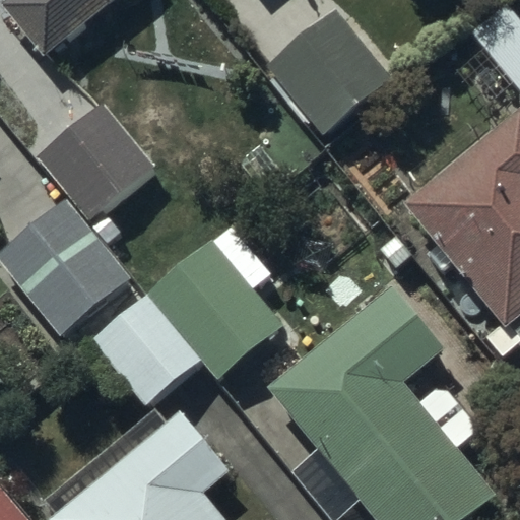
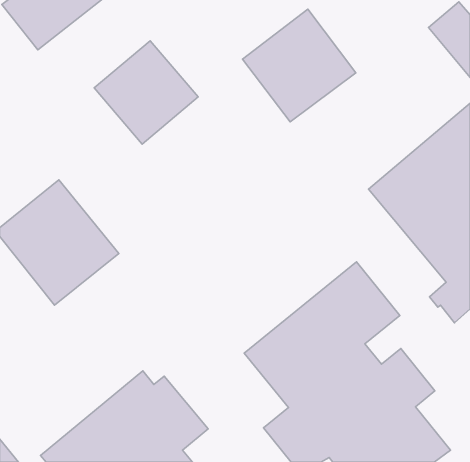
building: [38,104,152,217] -> [94,41,198,144]
building: [90,225,282,408] -> none

